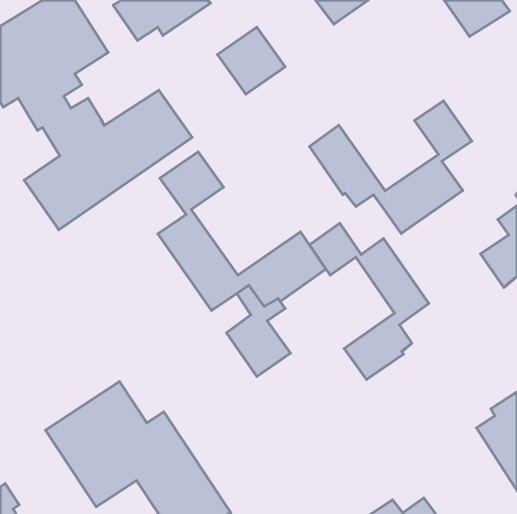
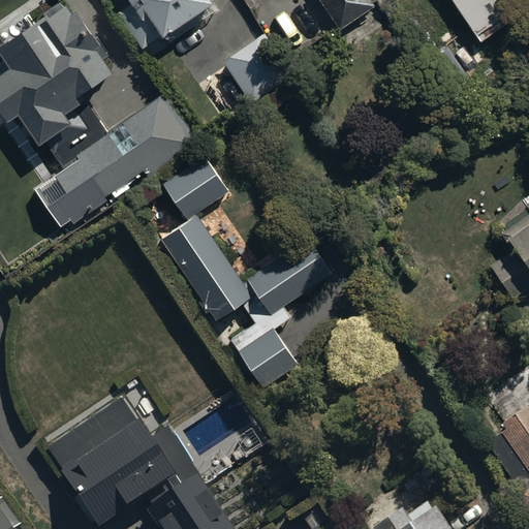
building: [310,101,472,234] -> none
building: [309,223,429,379] -> none

